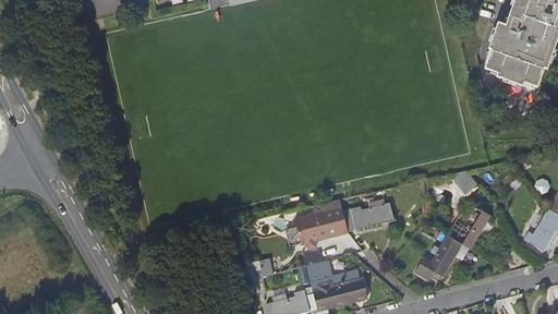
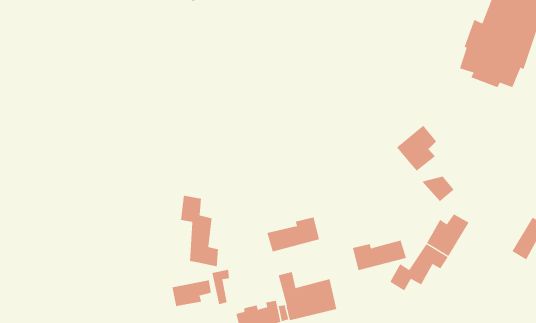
building: none -> [396,125,437,172]
building: none -> [180,195,218,267]
building: [342,202,395,231] -> [352,240,407,271]
building: none -> [172,279,212,307]

